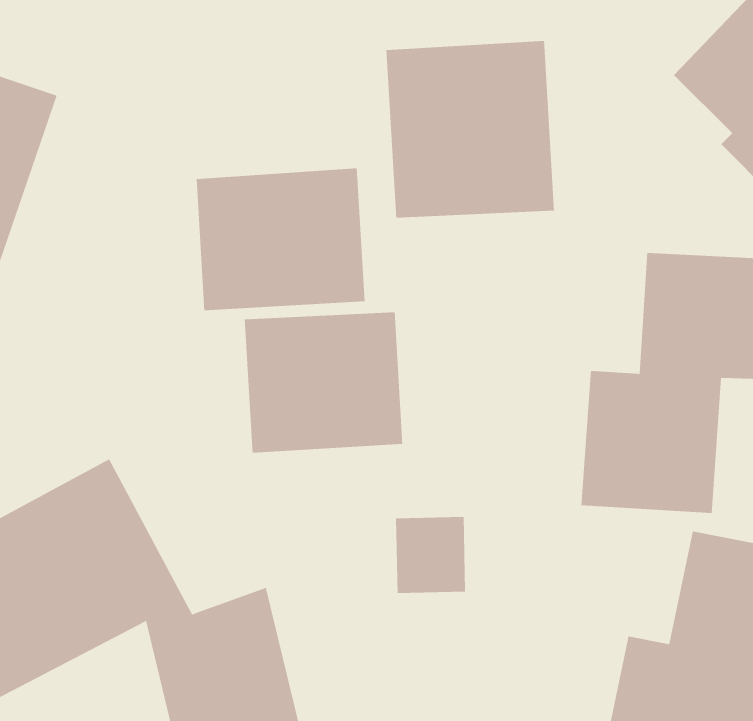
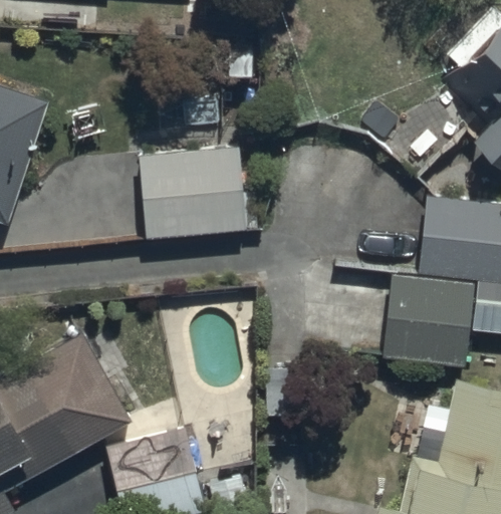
building: [386,40,554,219] -> none
building: [244,312,403,453] -> none

